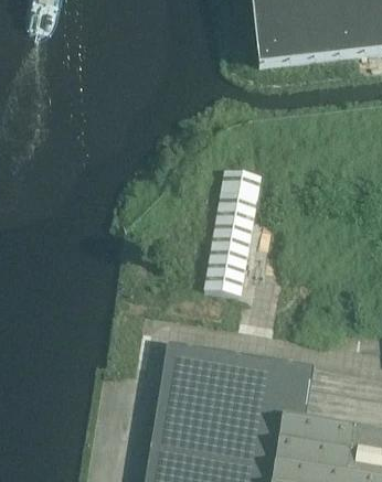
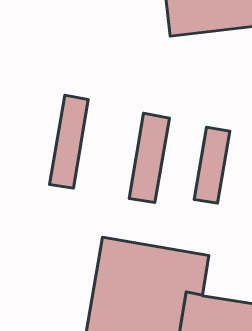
building: none -> [50,95,88,188]
building: none -> [194,127,230,203]

